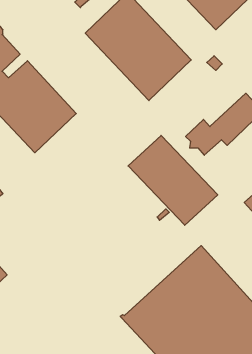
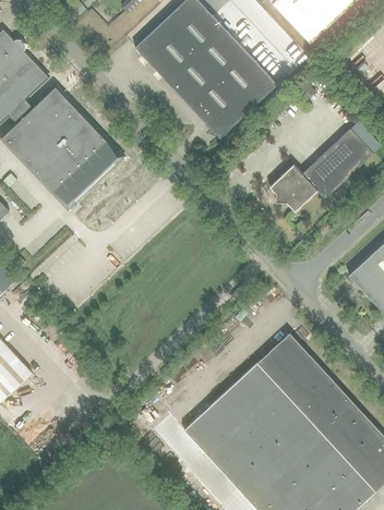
building: [128,135,218,225] -> none

